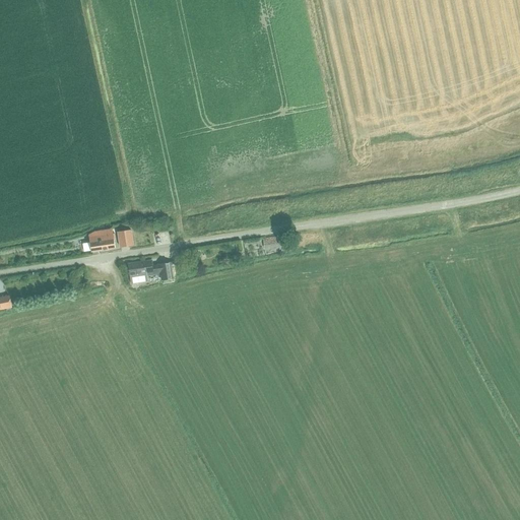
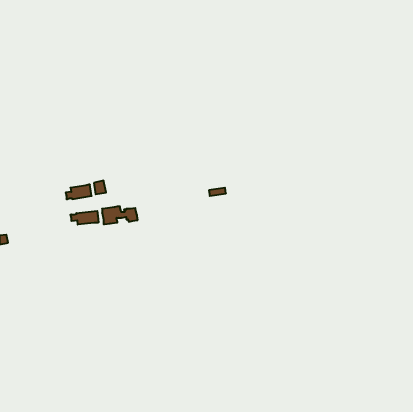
building: none -> [70,211,99,225]

